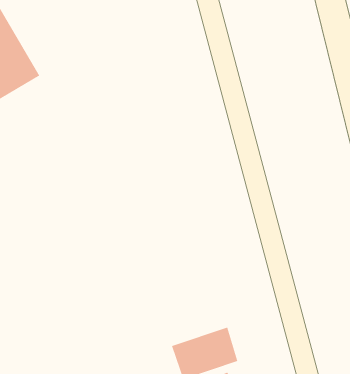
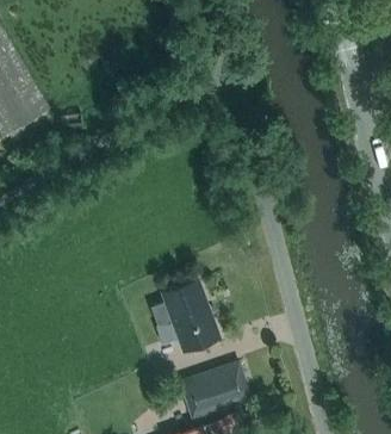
building: none -> [150,280,218,352]

